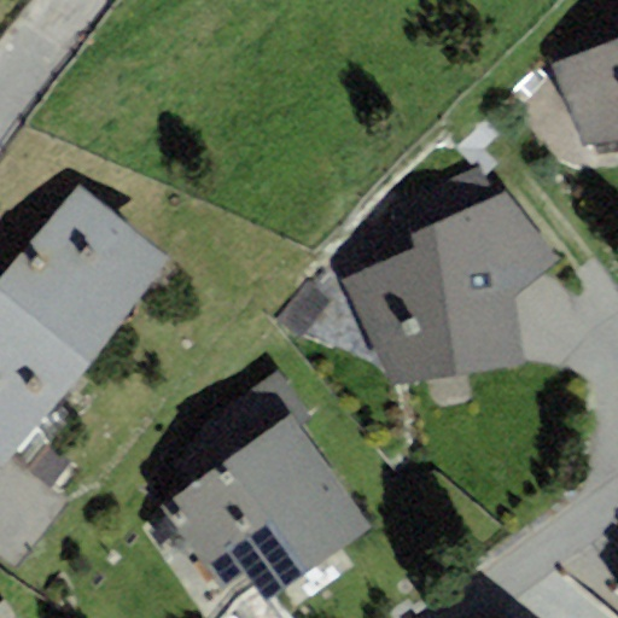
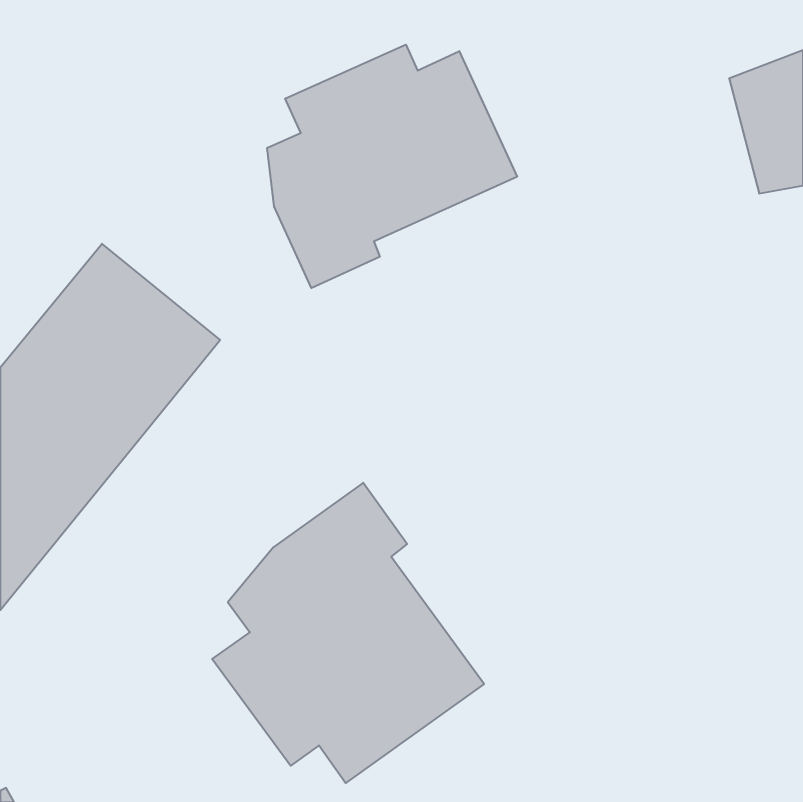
building: none -> [267,45,517,288]
building: [343,165,559,383] -> none

